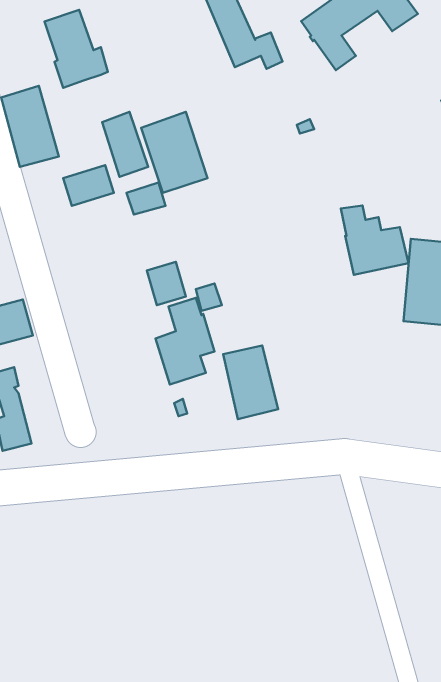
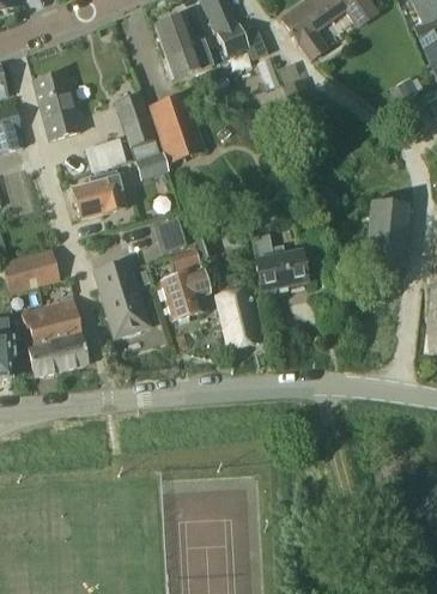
building: [45,10,108,88] -> [154,14,207,79]
building: none -> [72,170,126,219]
building: [341,206,409,275] -> [251,235,308,292]
building: none -> [96,262,147,335]
building: none -> [43,298,87,369]

